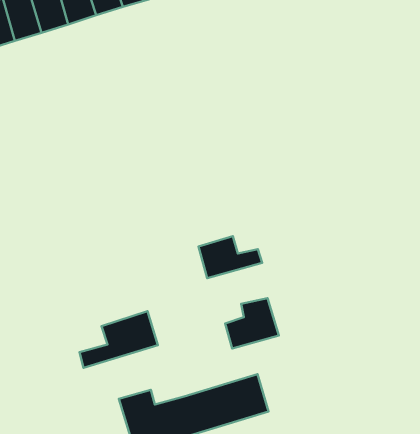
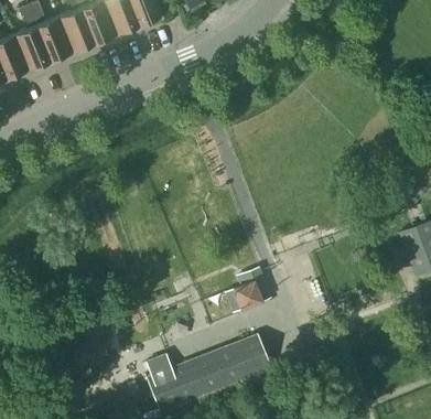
building: [199,236,262,278] -> none
building: [79,311,158,368] -> none

